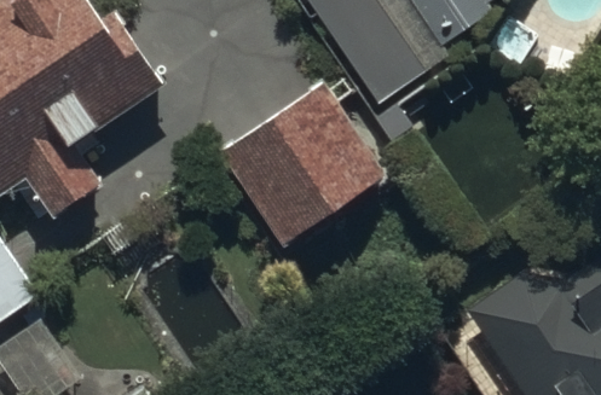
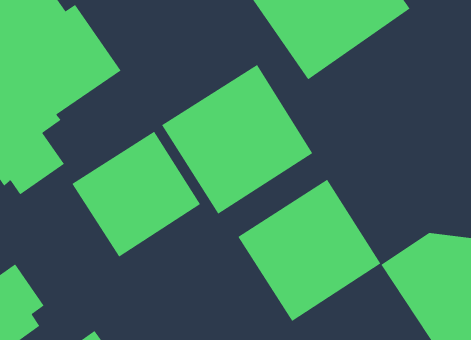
building: none -> [72,131,201,257]
building: none -> [237,179,381,322]

